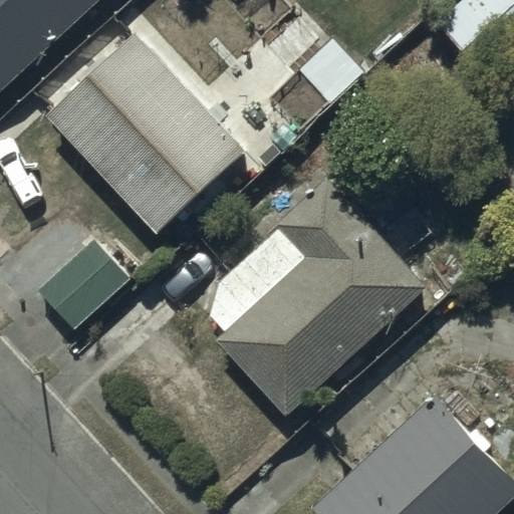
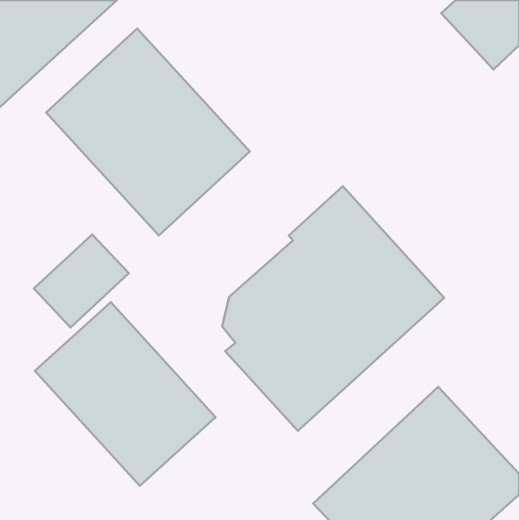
building: none -> [35,302,216,486]

